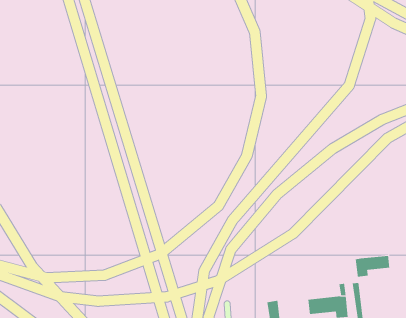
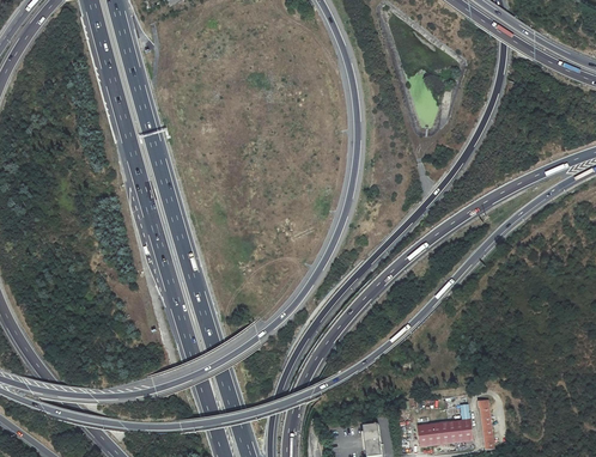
building: [355,255,390,278] -> none

